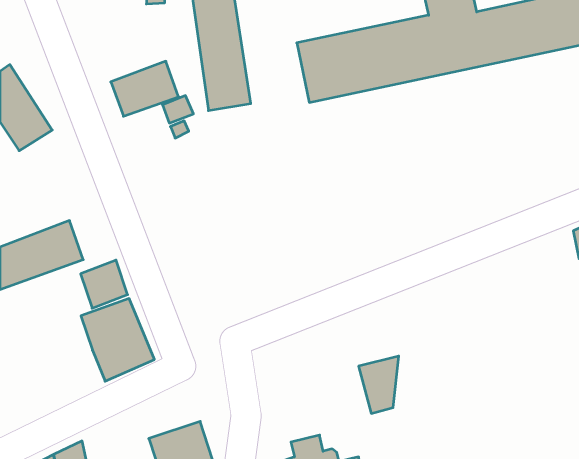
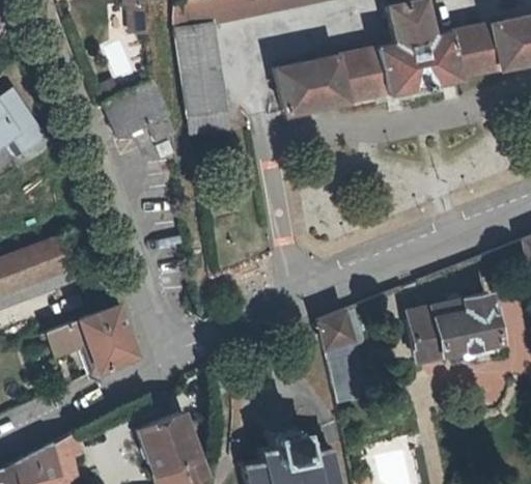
building: [81,260,128,308] -> [45,316,87,360]
building: none -> [404,288,511,363]
building: none -> [317,306,366,358]

